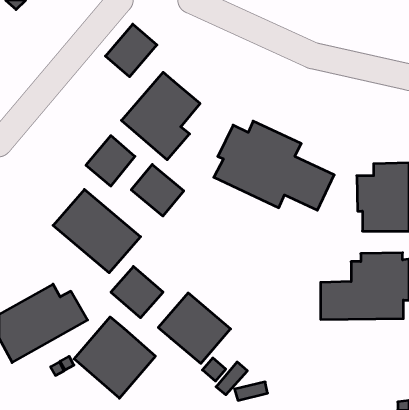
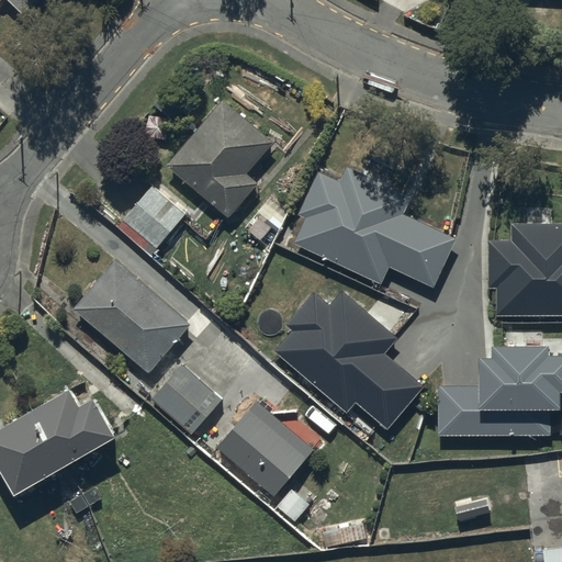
building: [105,24,157,77] -> none
building: [131,164,184,216] -> none
building: none -> [274,291,425,429]
building: [74,317,155,398] -> none

